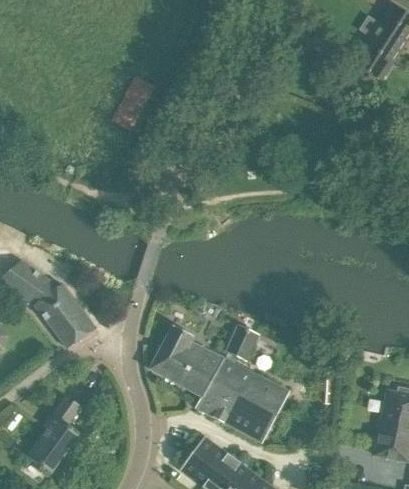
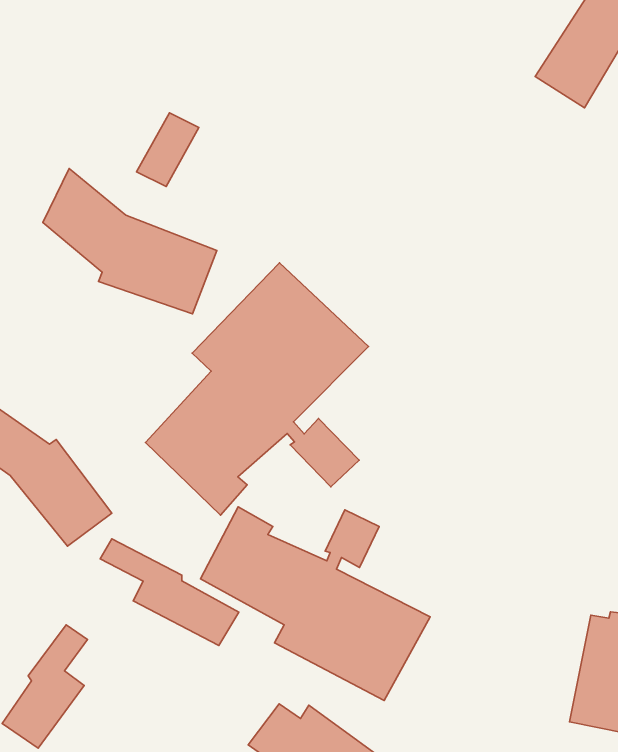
building: none -> [43,169,217,314]
building: none -> [146,263,369,515]
building: none -> [100,539,239,646]

